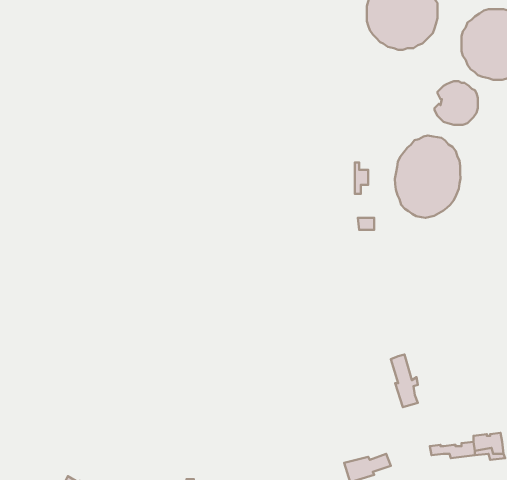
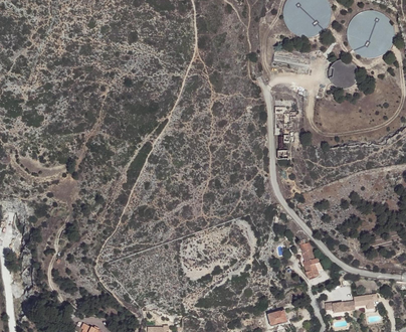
building: [395,135,461,218] -> none

